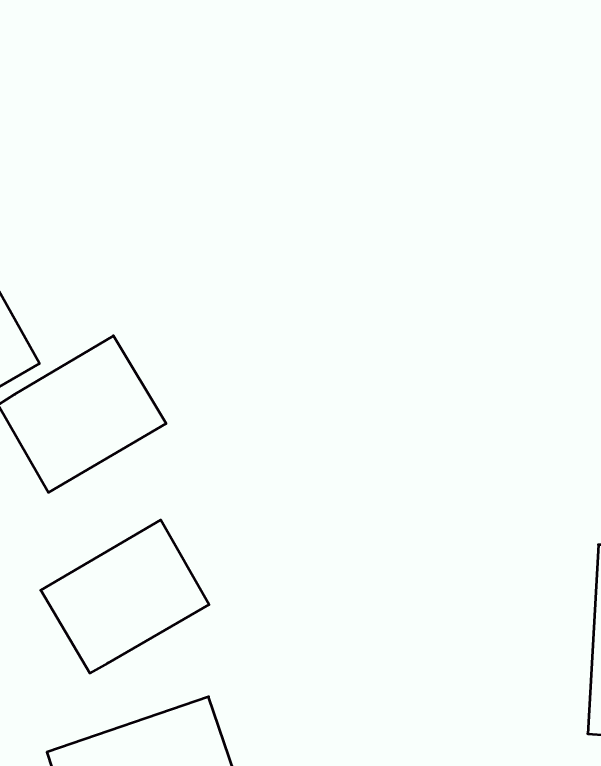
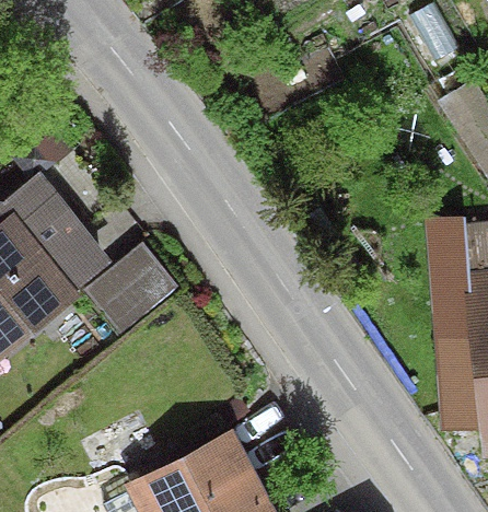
building: [41,520,209,673] -> none

